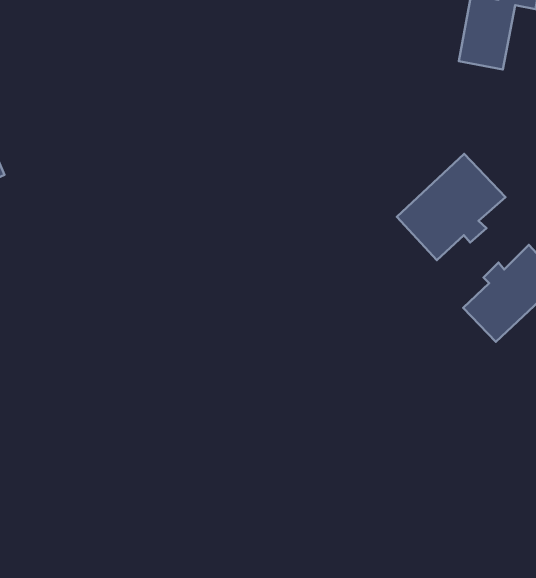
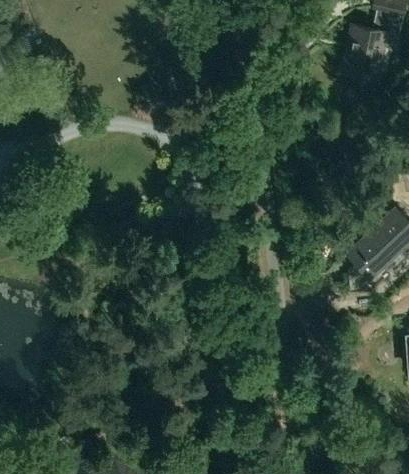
building: [397,154,506,260] -> none

